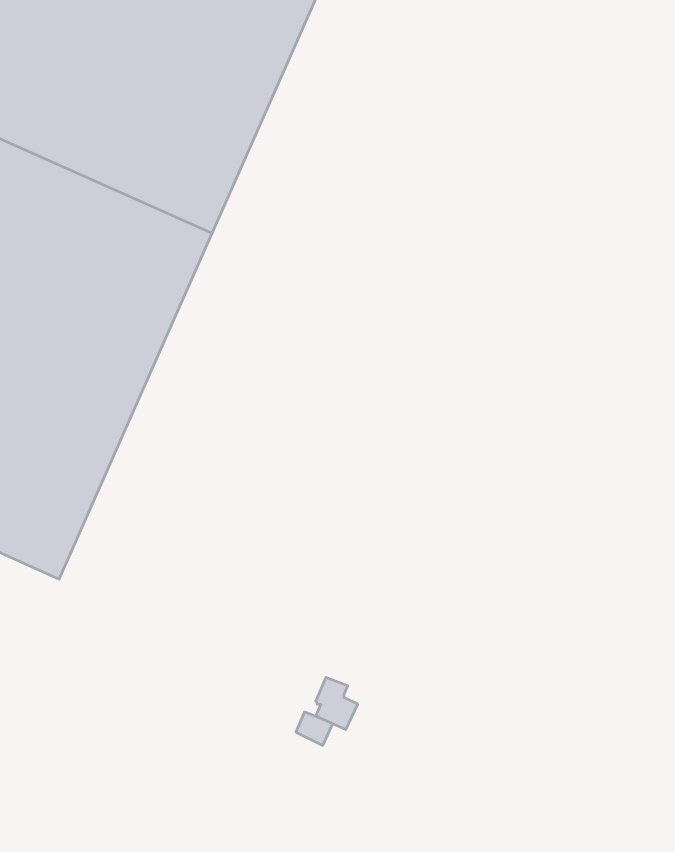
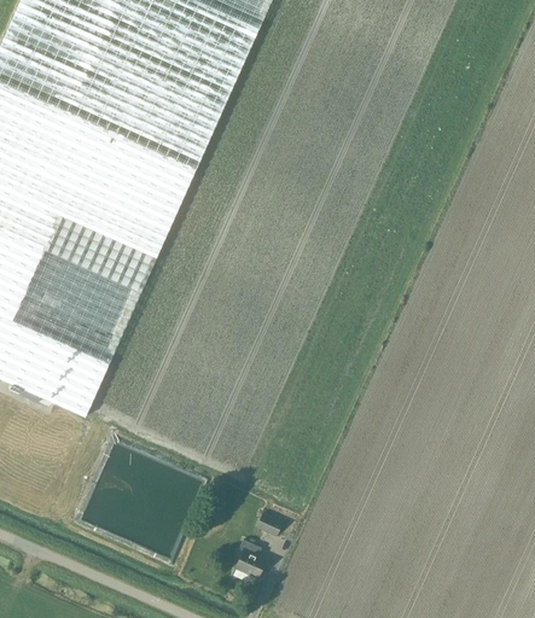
building: [316,677,358,729] -> [235,540,266,577]

